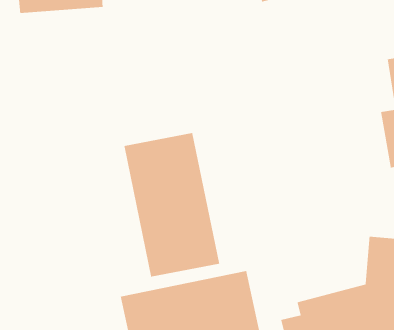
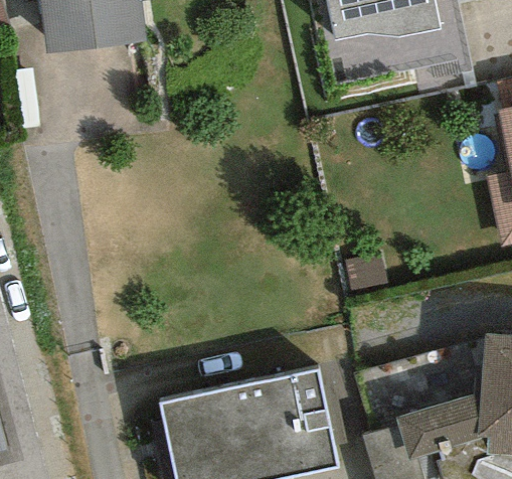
building: [123,132,220,278] -> none

